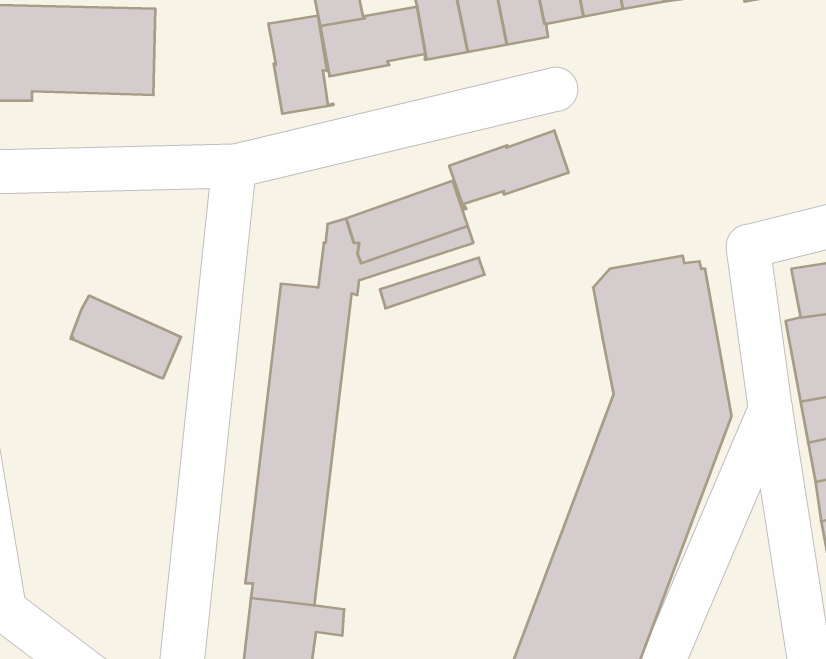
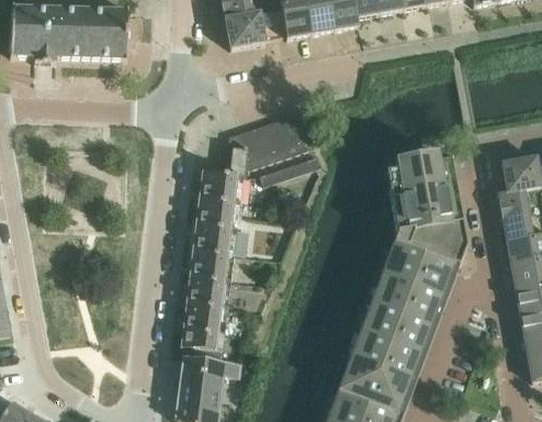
building: [269,15,333,114] -> none
building: [449,130,568,209] -> none
building: [71,296,181,378] -> none

